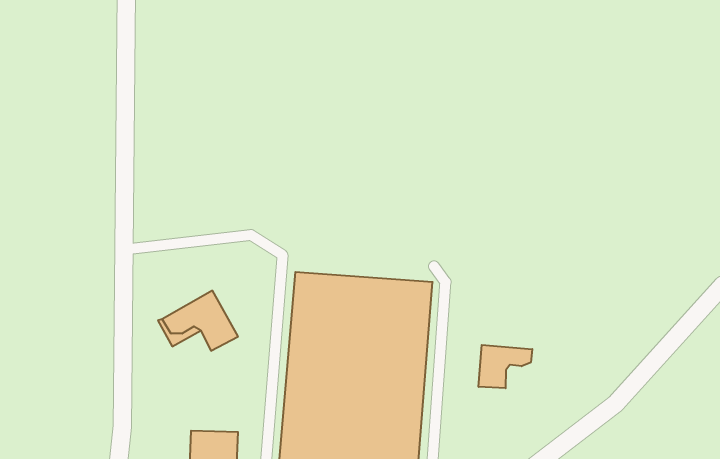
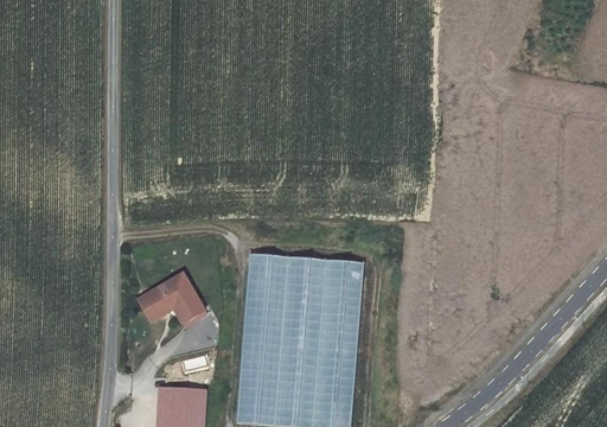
building: [479,345,532,388] -> none

